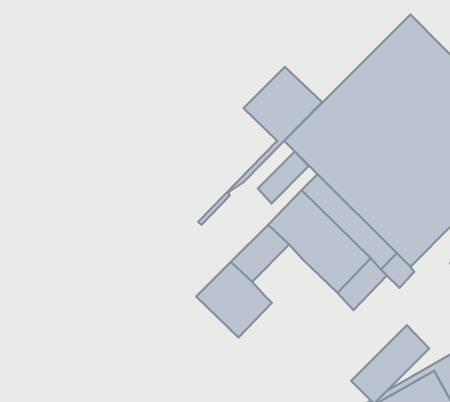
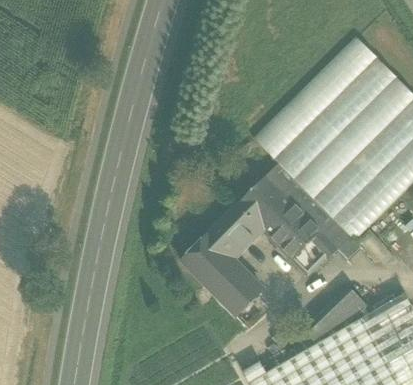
building: [198,67,322,225] -> none
building: [258,151,309,203] -> [225,222,266,264]
building: none -> [214,269,264,320]

